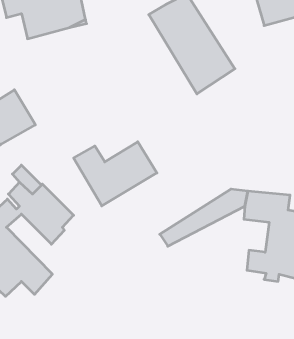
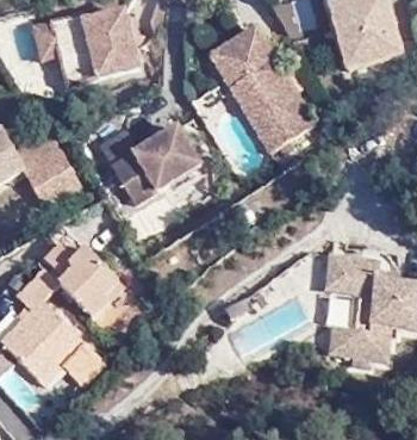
building: [74,142,157,206] -> [100,124,199,200]

